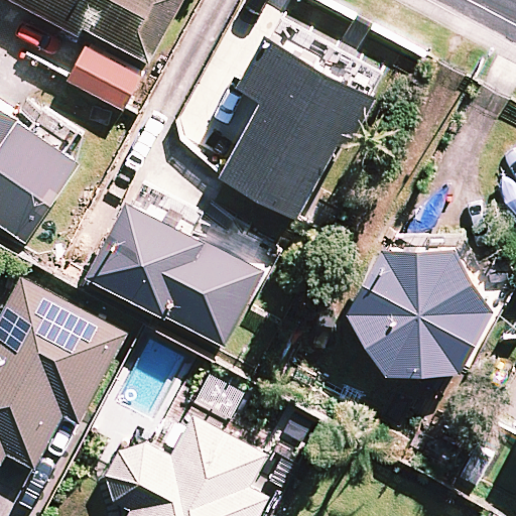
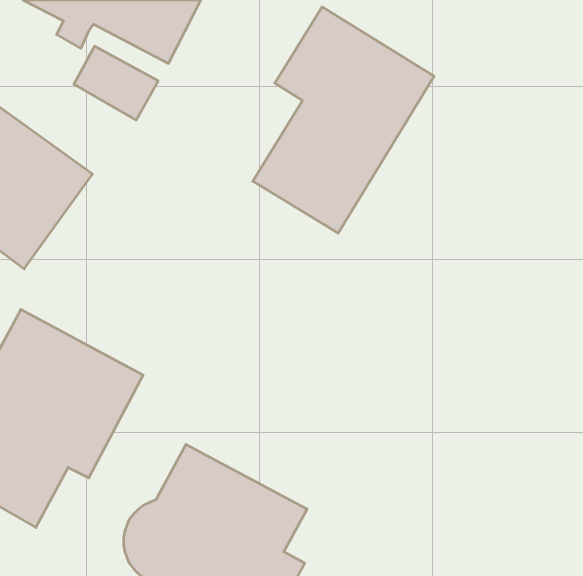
building: [87,202,262,350] -> none
building: [346,241,495,377] -> none

